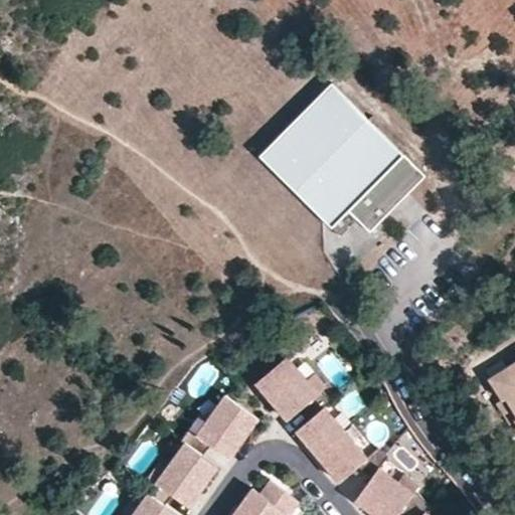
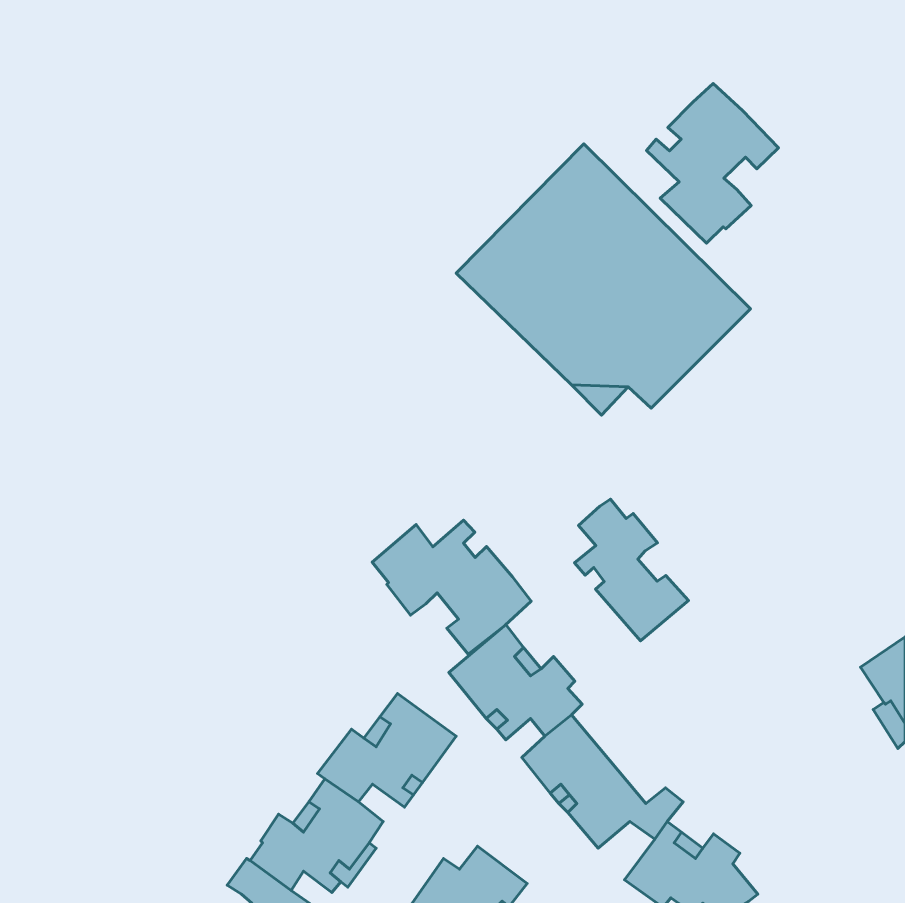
building: none -> [647,83,779,243]
building: none -> [575,499,688,641]
building: none -> [372,520,531,654]

